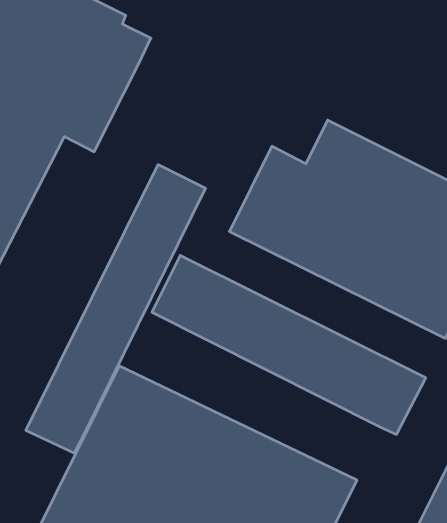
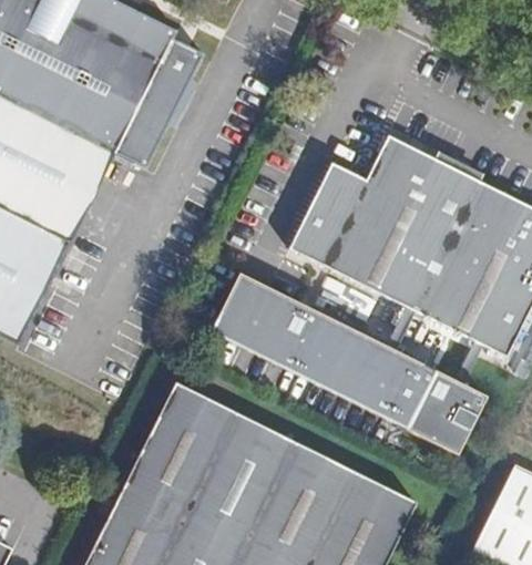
building: [26,165,205,453] -> none

